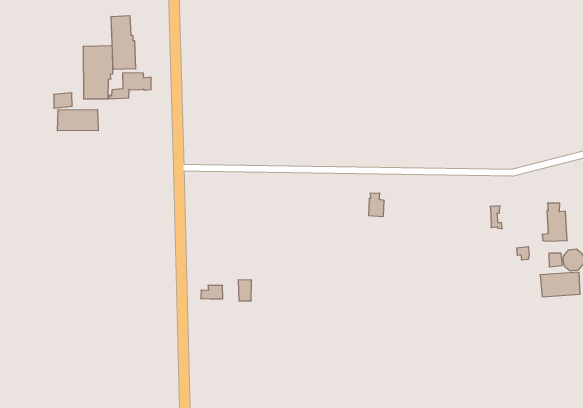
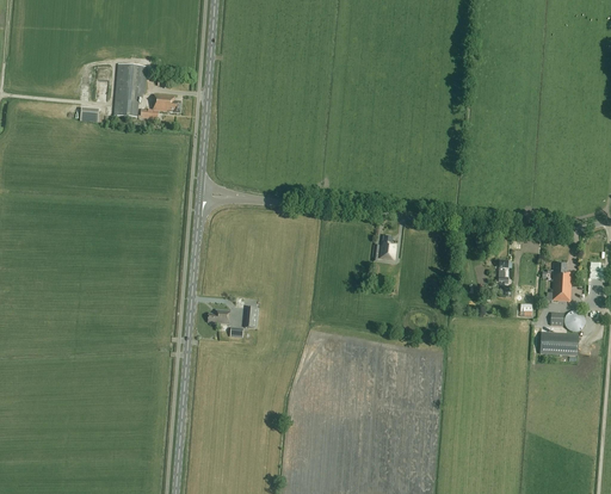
building: [111,16,136,69] -> none
building: [58,109,98,131] -> none

